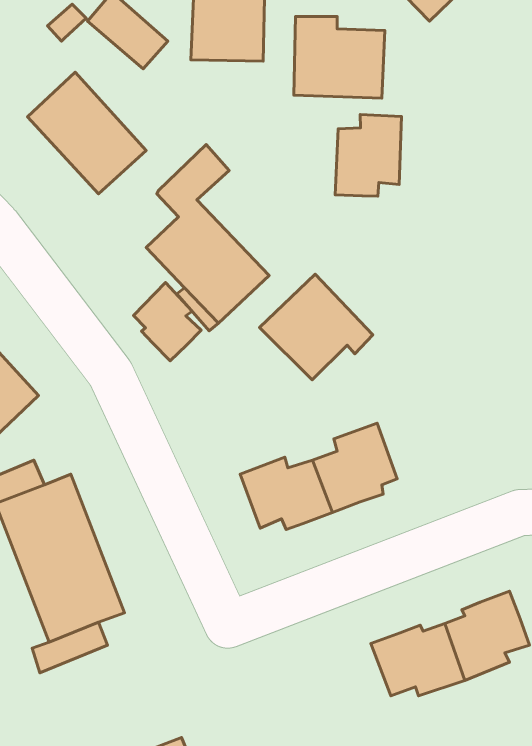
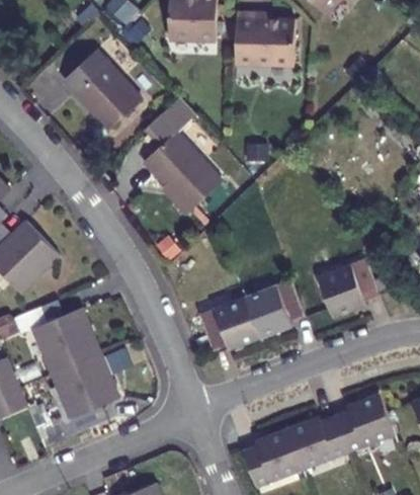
building: [335,115,402,196] -> none
building: [260,274,373,380] -> none
building: [134,282,201,361] -> none
building: none -> [319,257,379,317]
building: none -> [240,424,299,484]

